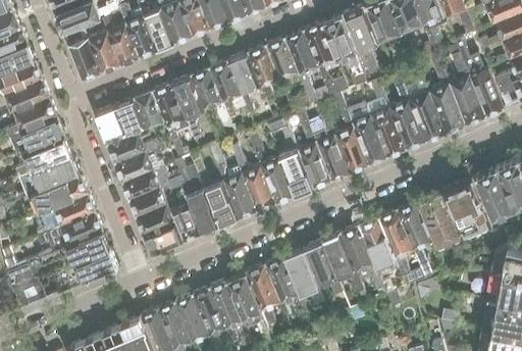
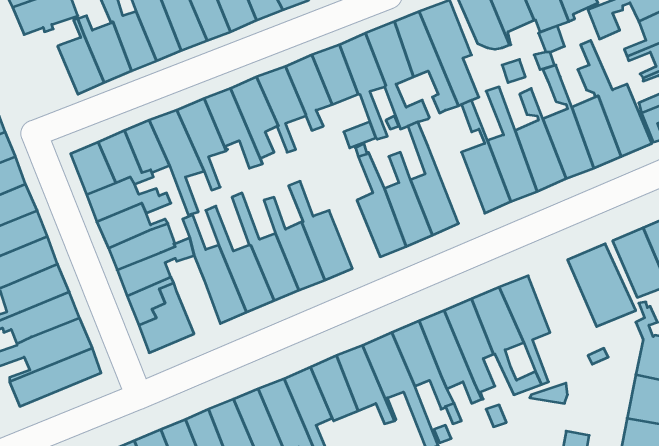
building: [69,28,101,81] -> none
building: [347,102,386,164] -> none
building: [265,115,313,196] -> none
building: [417,190,465,249] -> none
building: [170,204,201,242] -> none

